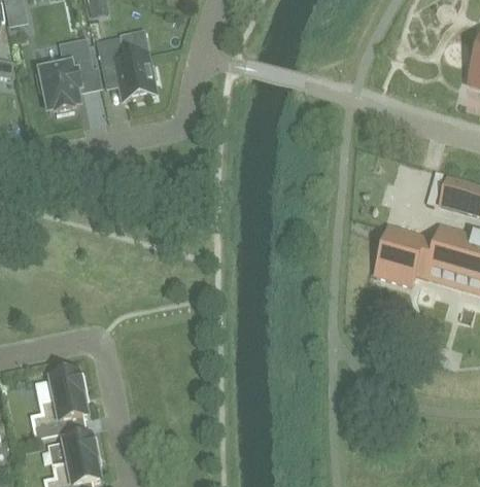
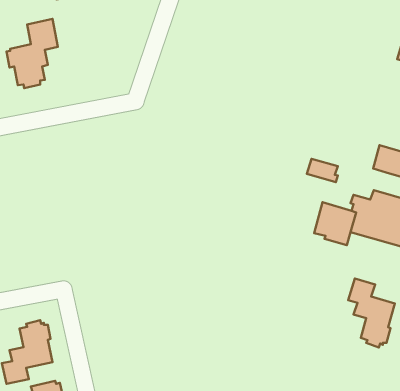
building: [95,37,155,100] -> none
building: [384,223,418,249] -> [307,159,338,182]
building: none -> [348,279,395,348]

